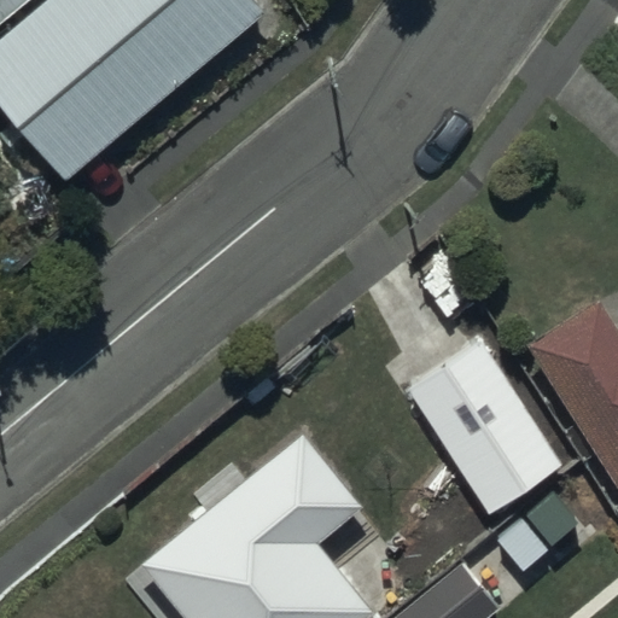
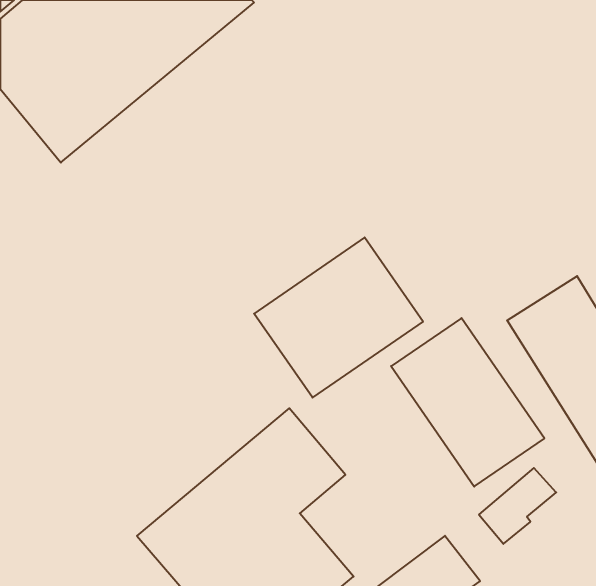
building: none -> [254,237,423,398]

